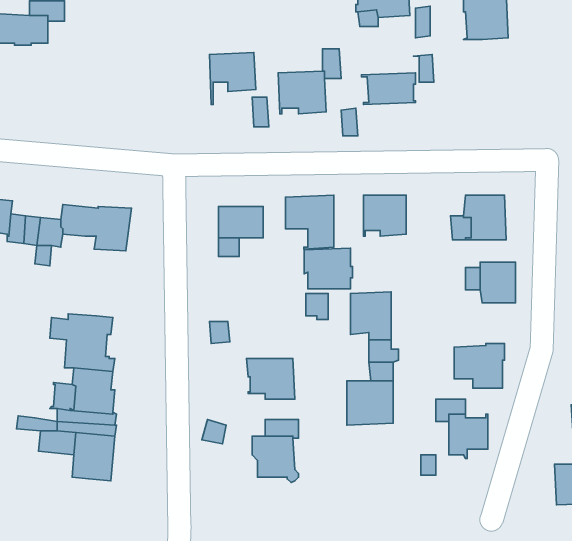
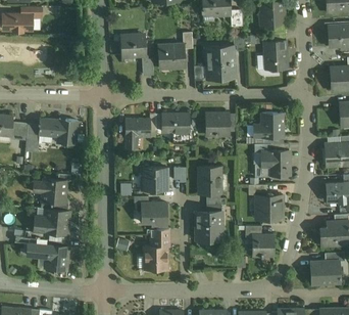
building: none -> [263,41,287,70]
building: none -> [205,62,235,80]
building: [304,248,352,289] -> [142,168,168,190]

